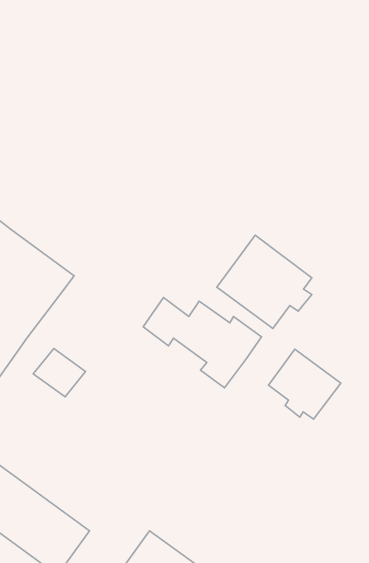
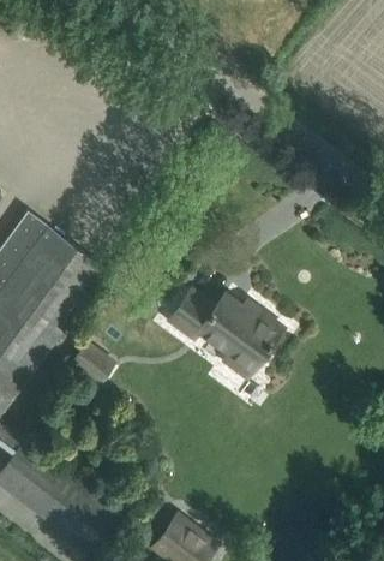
building: [217,235,312,328] -> none
building: [268,349,341,419] -> none

